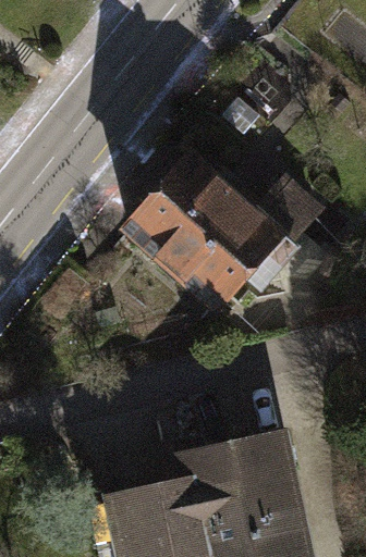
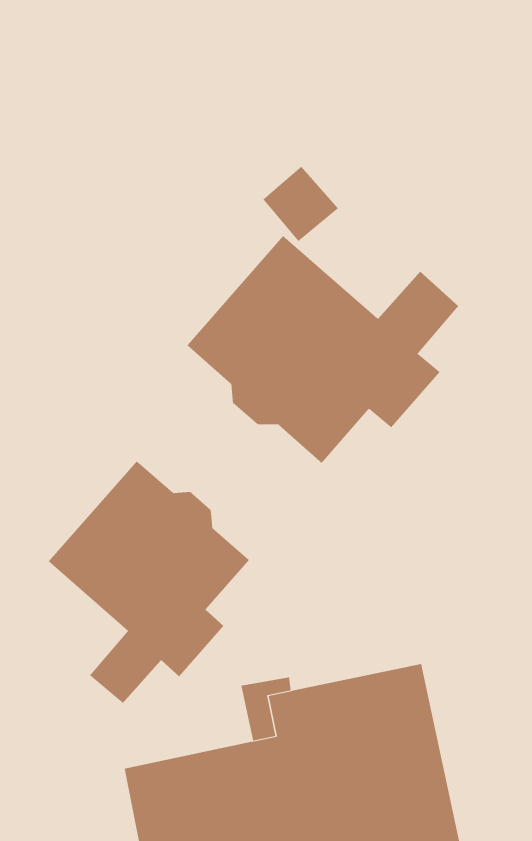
building: none -> [48,460,250,704]

